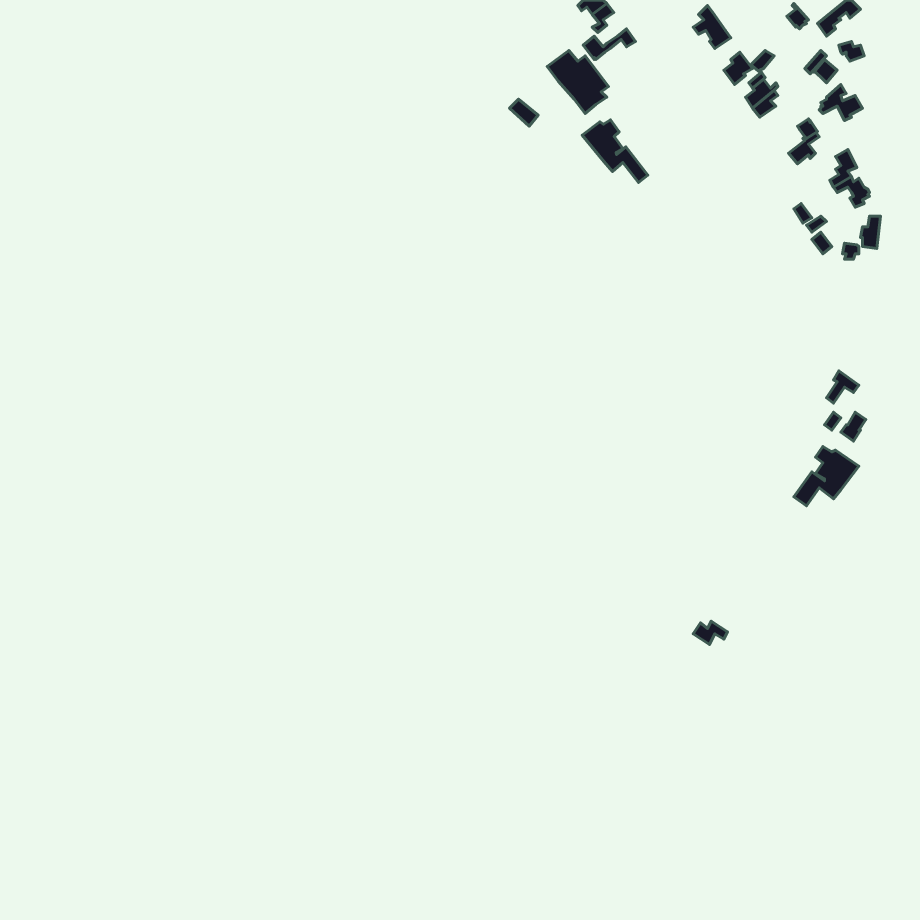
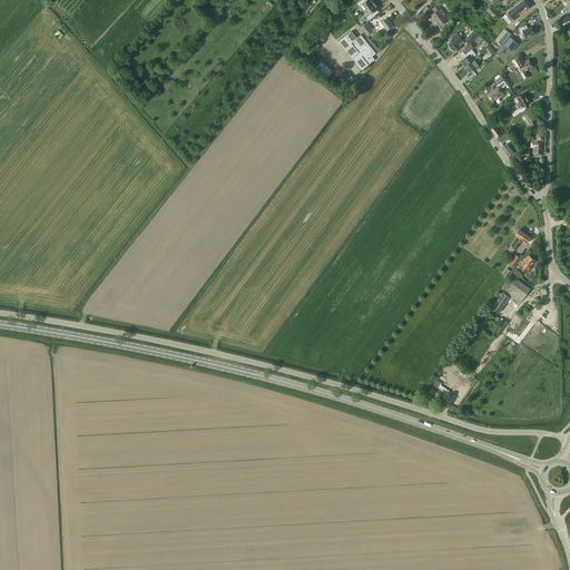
building: [582,120,648,183] -> none

